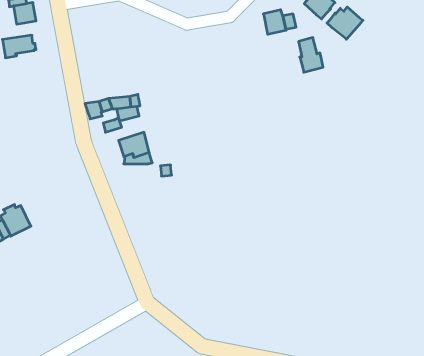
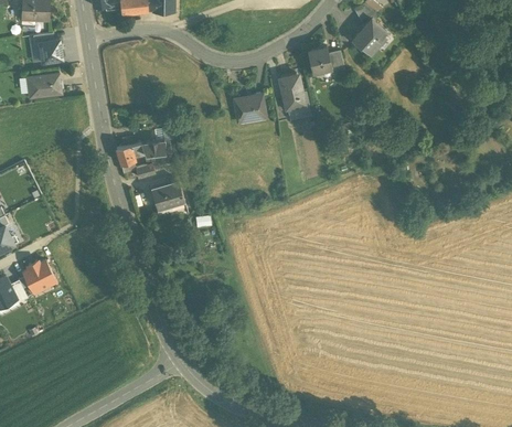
building: [327,7,363,39] -> none
building: [299,38,323,72] -> [281,74,308,111]
building: none -> [235,94,266,118]

